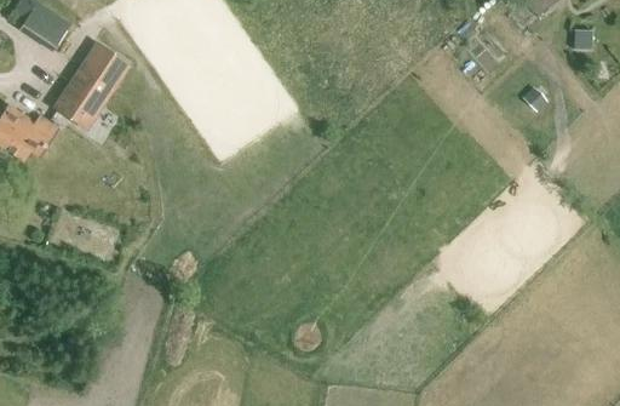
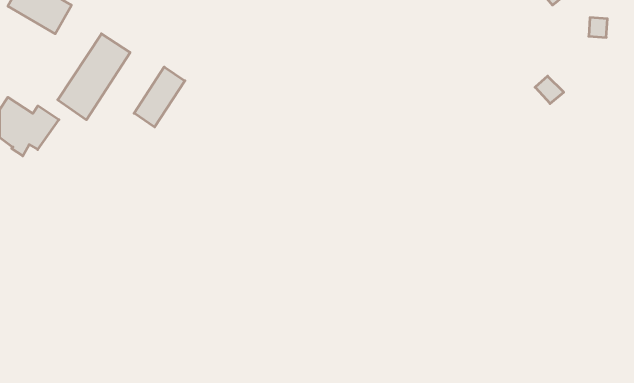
building: none -> [134,67,185,127]

